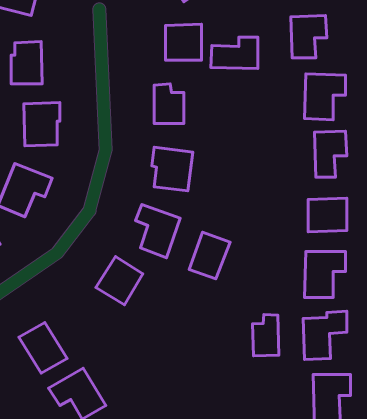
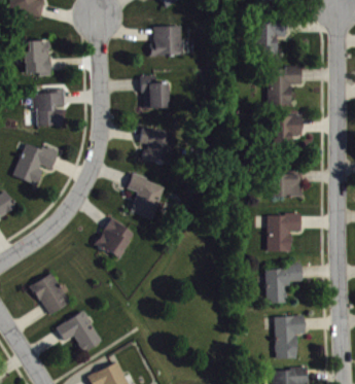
building: [211,37,258,68] -> none
building: [189,232,230,279] -> none
building: [252,314,279,356] -> none

